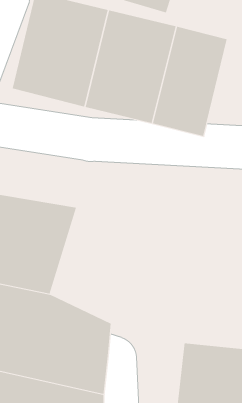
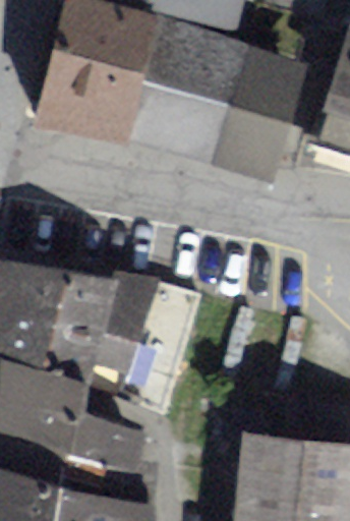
building: none -> [81,269,202,414]

